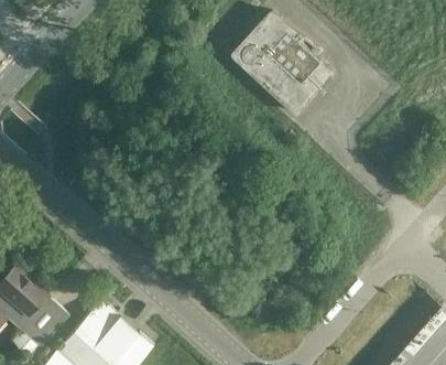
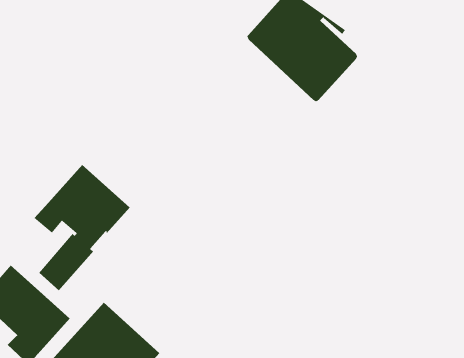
building: none -> [33,164,131,291]

